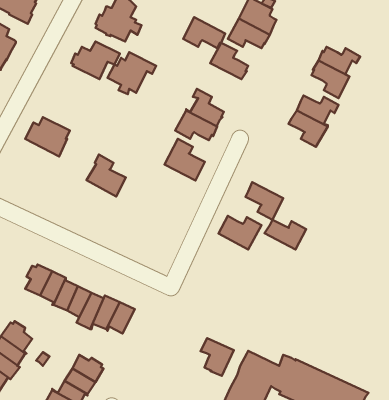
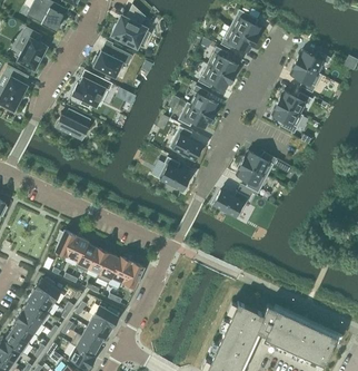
building: [183,17,225,48] -> [198,65,232,90]
building: [108,52,156,94] -> [72,74,112,108]
building: [87,155,126,196] -> [158,157,190,192]
building: [264,220,306,250] -> [241,152,276,176]
building: [201,338,234,376] -> none

